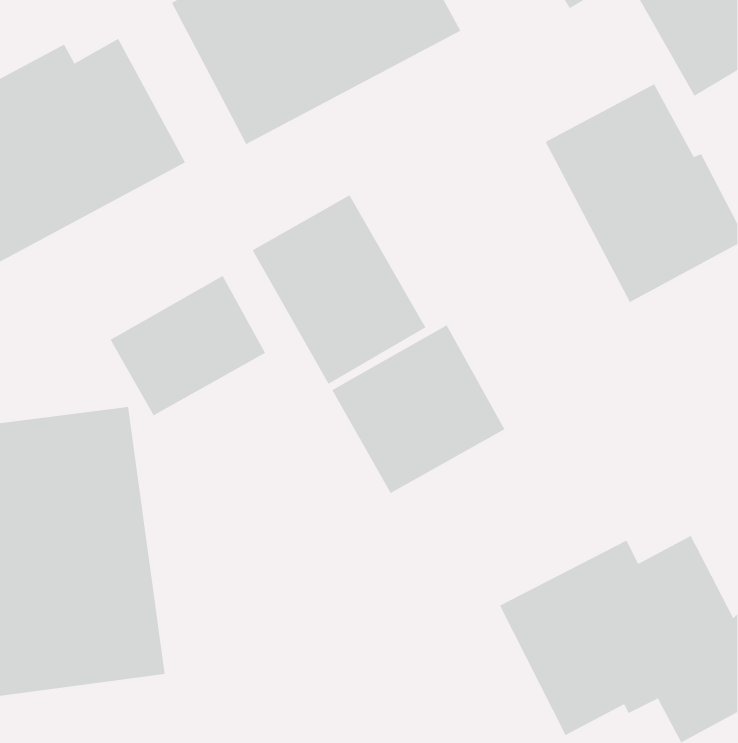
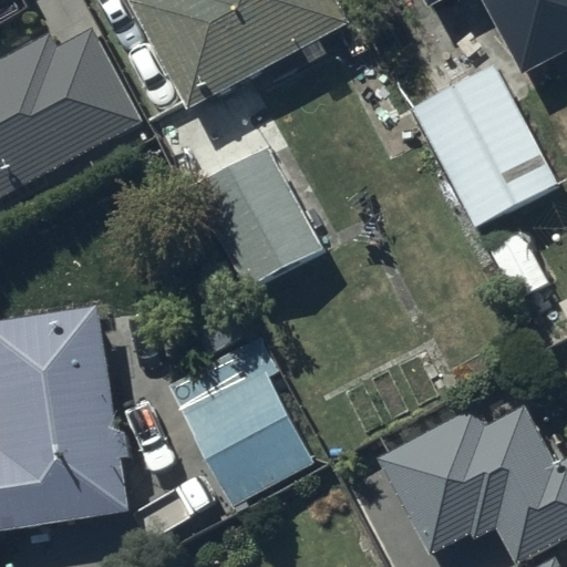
building: [110,275,266,416] -> none
building: [331,324,505,494] -> none
building: none -> [165,333,316,507]

